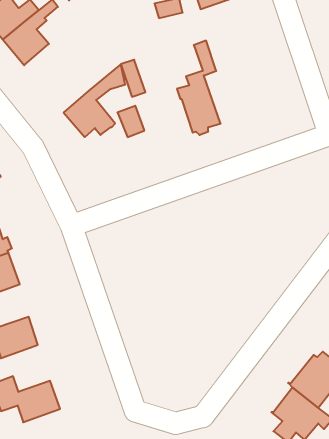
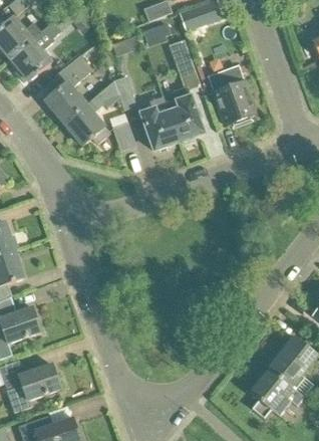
building: none -> [44,53,92,123]
building: none -> [210,64,256,127]
building: none -> [140,107,179,150]

